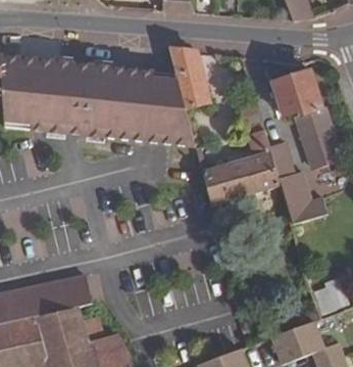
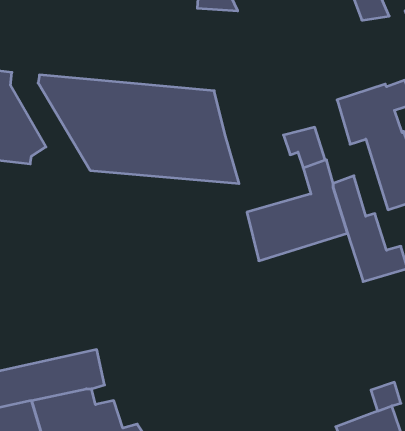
building: [168,46,208,107] -> none
building: [16,59,79,136] -> none

